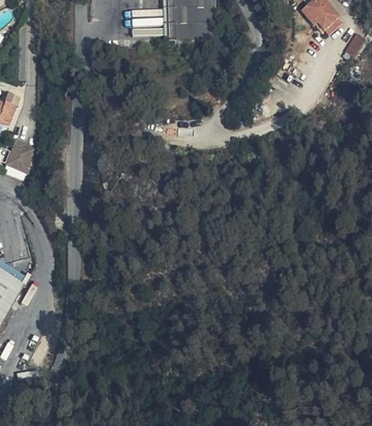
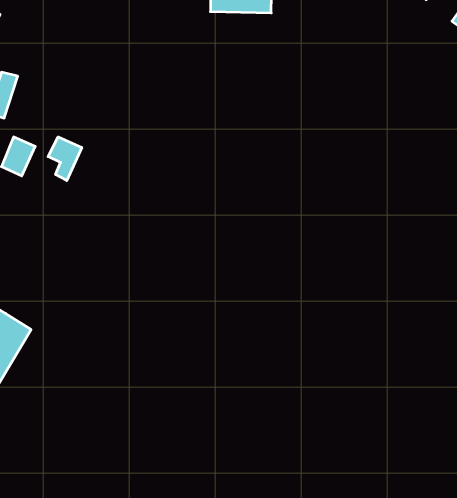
building: none -> [48,137,82,181]

